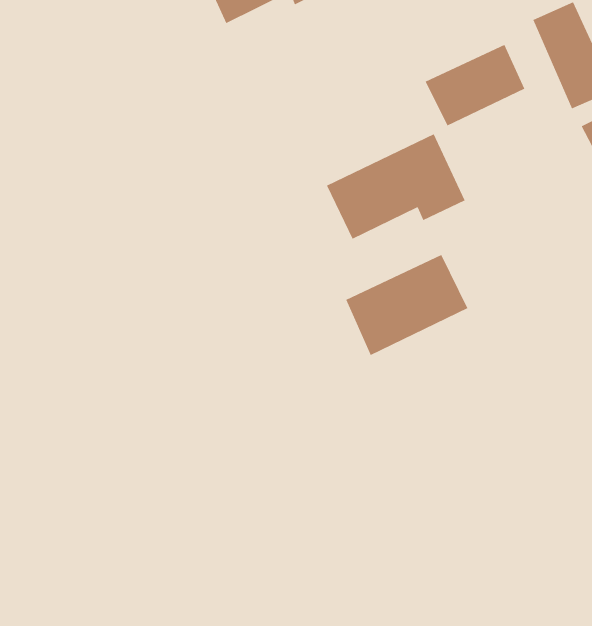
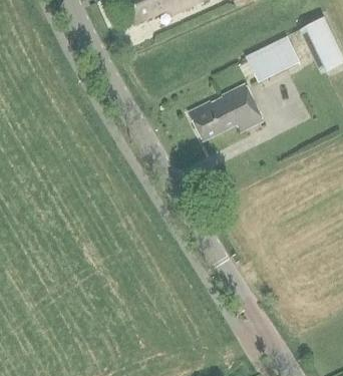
building: [345,254,468,356] -> none

